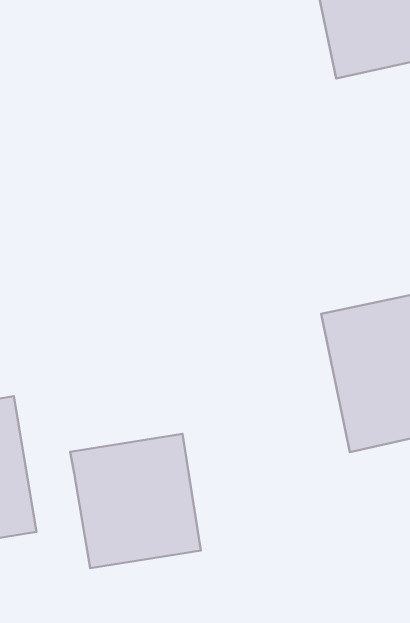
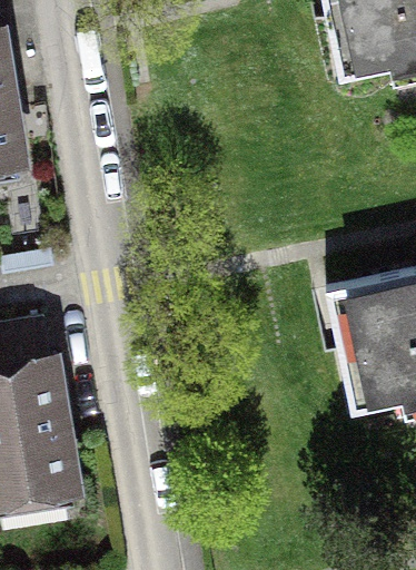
building: [70,434,201,568] -> none

